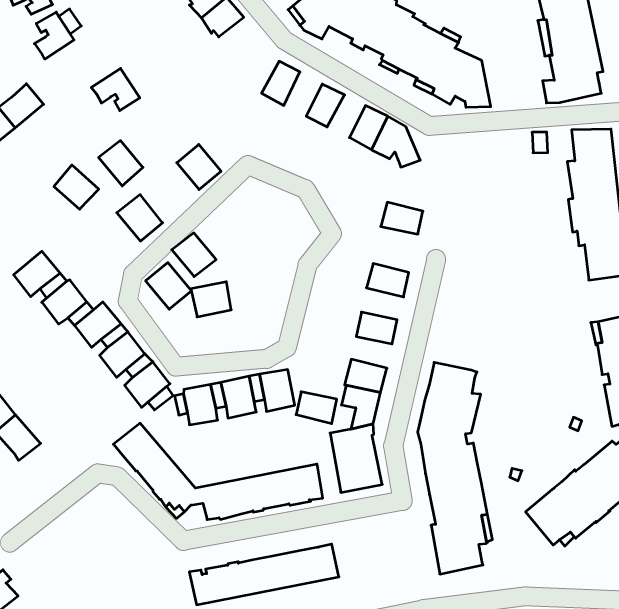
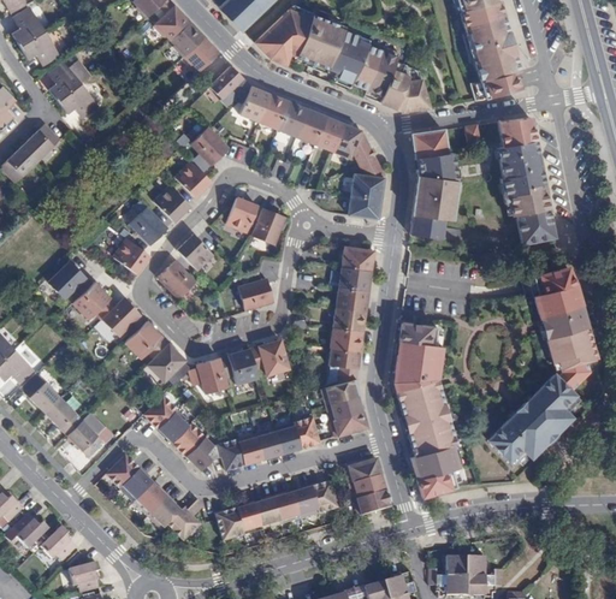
building: none -> [211,65,251,106]
building: [91,68,140,111] -> [58,83,99,118]
building: none -> [259,93,289,129]
building: none -> [296,108,326,143]
building: none -> [191,126,229,165]
building: none -> [410,129,457,238]
building: [99,141,143,186] -> [153,184,190,221]
building: none -> [351,156,385,198]
building: [54,165,99,209] -> [113,237,150,273]
building: none -> [226,197,257,232]
building: none -> [253,207,285,244]
building: [191,282,231,317] -> [238,278,273,309]
building: none -> [338,266,372,290]
building: [296,392,337,424] -> [333,307,366,331]
building: none -> [66,419,103,456]
building: none -> [106,455,205,540]
building: none -> [344,458,391,516]

